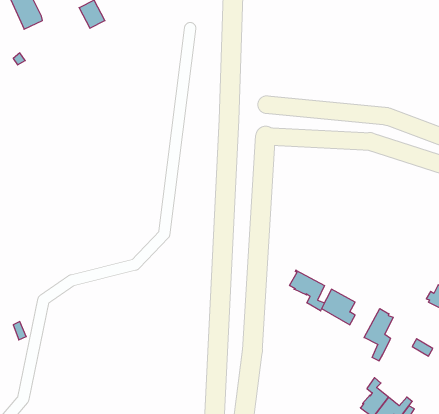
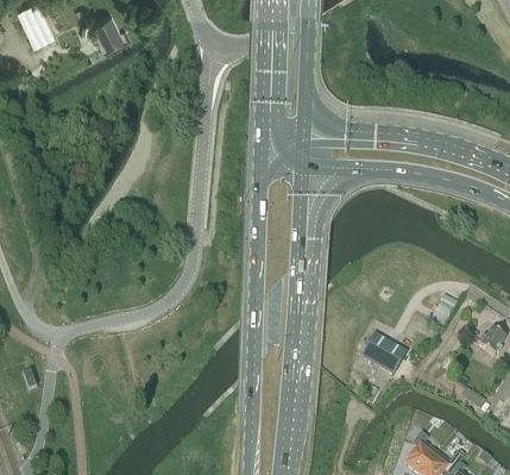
building: [290,270,325,311] -> none
building: [364,309,393,361] -> none

